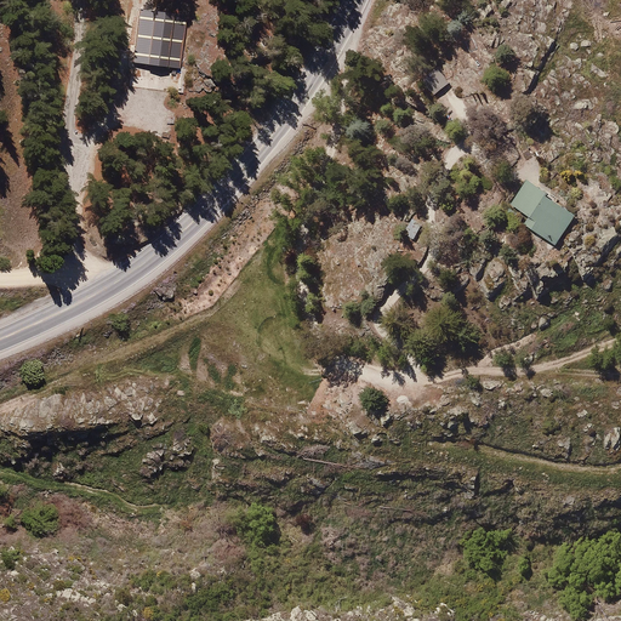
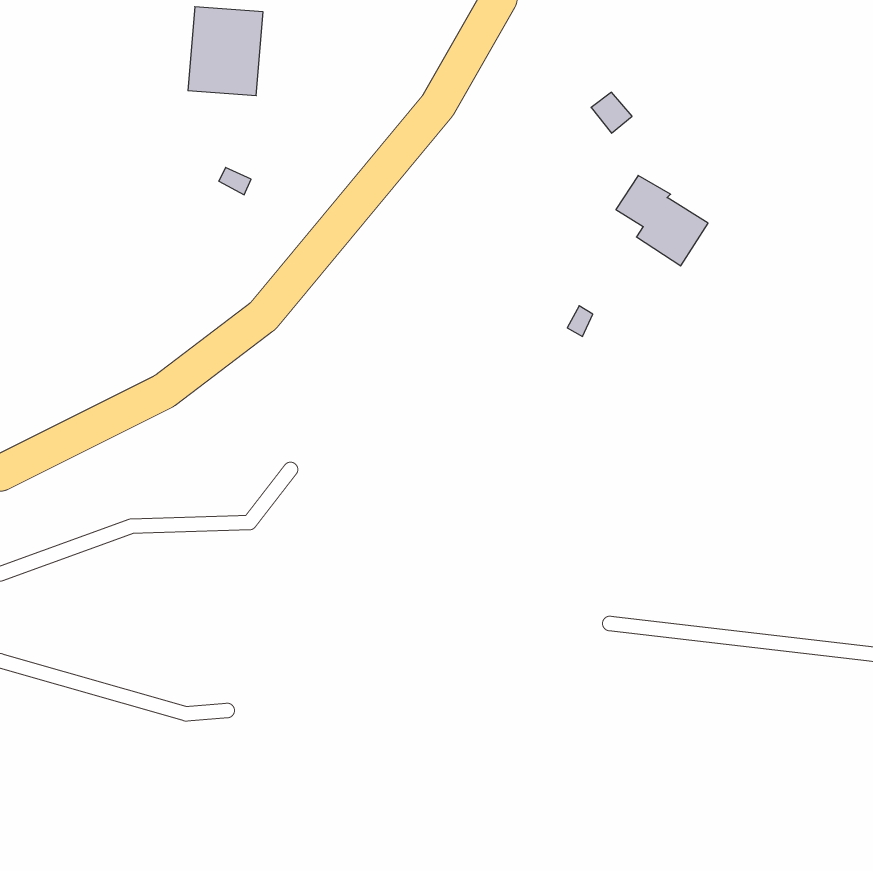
building: [509,180,575,244] -> [616,175,708,266]

